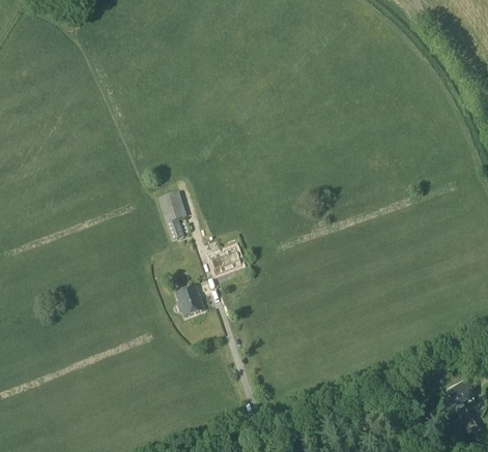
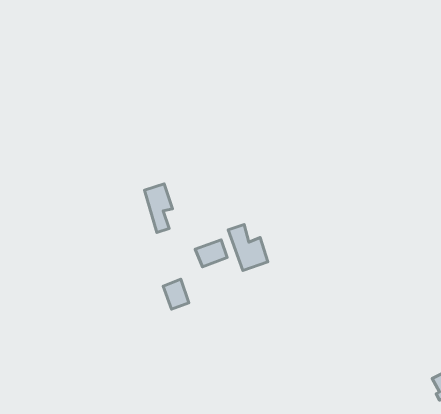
building: none -> [228,224,268,270]

